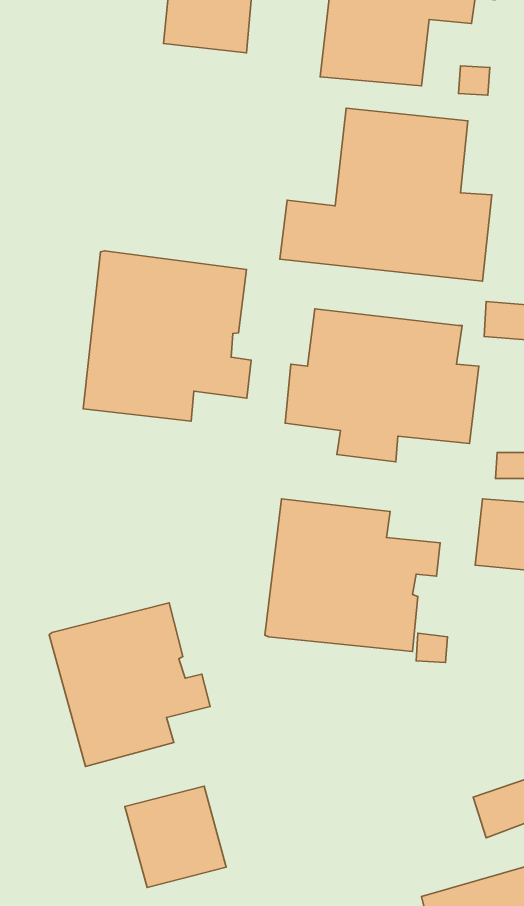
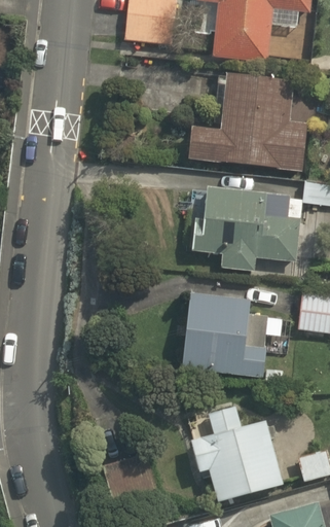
building: [83,251,251,421] -> none
building: [49,603,210,766] -> none
building: none -> [190,406,281,501]

